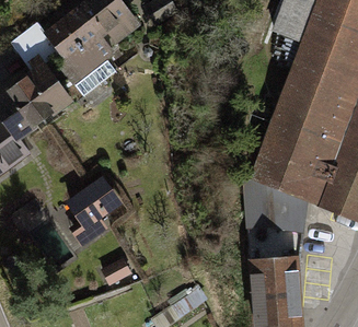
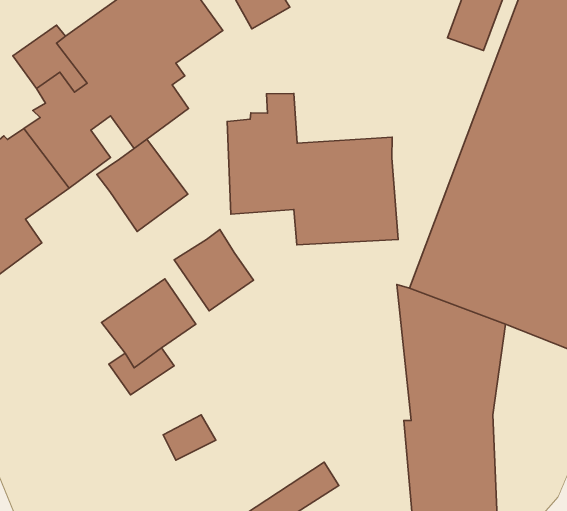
building: none -> [227,94,398,245]
building: none -> [97,139,188,231]
building: none -> [174,230,253,311]

